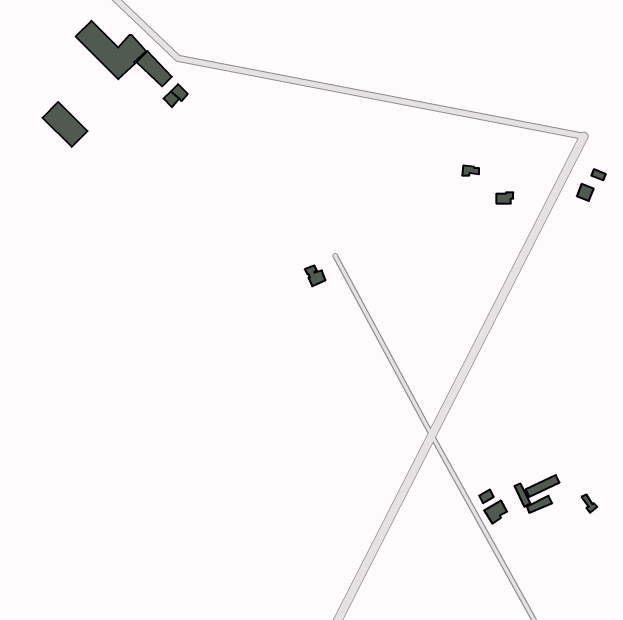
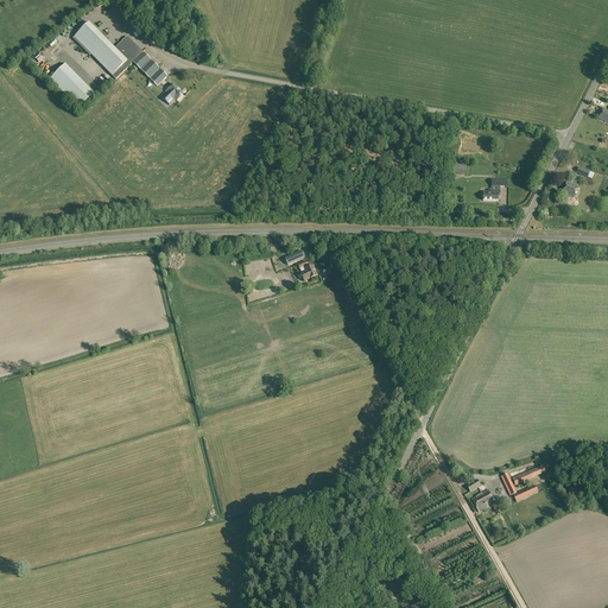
building: [42,102,88,147] -> [50,63,94,107]

